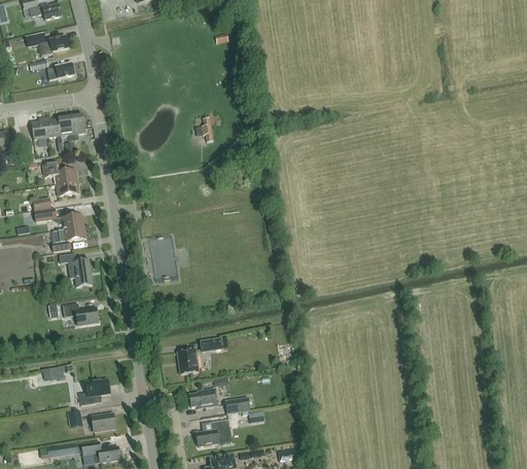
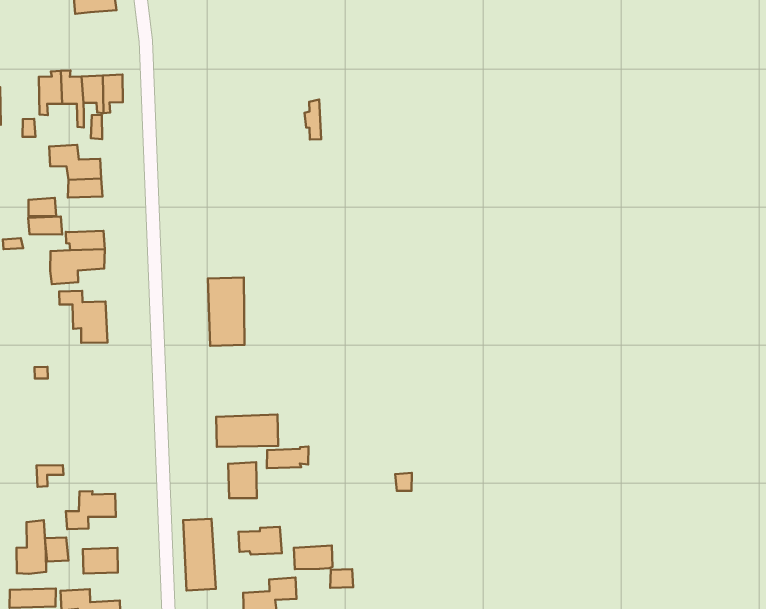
building: [61,302,97,324] -> none
building: none -> [216,415,278,447]
building: none -> [183,519,216,590]
building: none -> [16,520,46,574]

